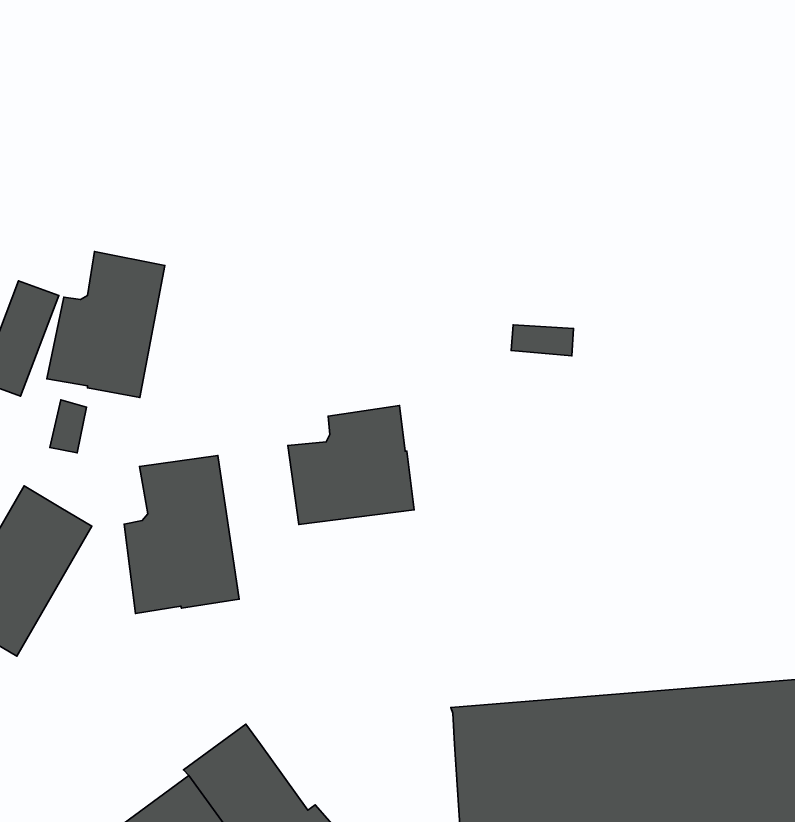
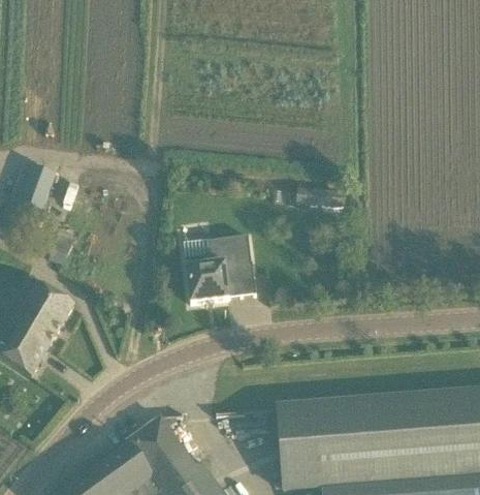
building: [47,251,165,397] -> none
building: [124,456,239,613] -> none

